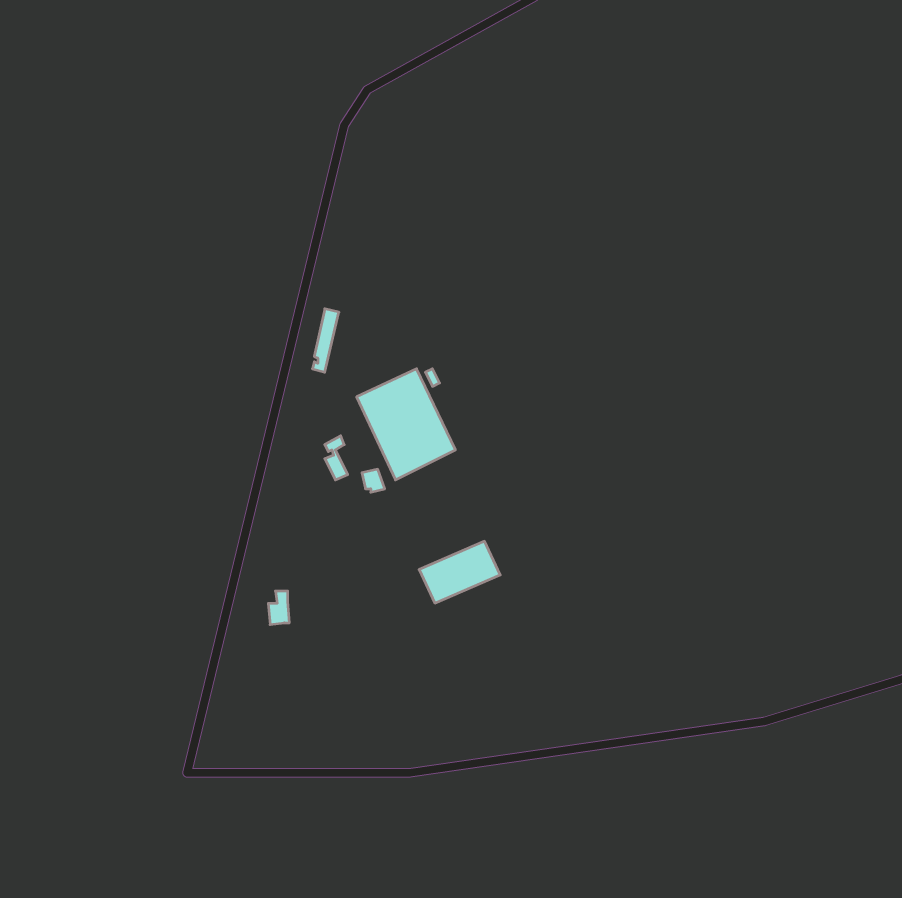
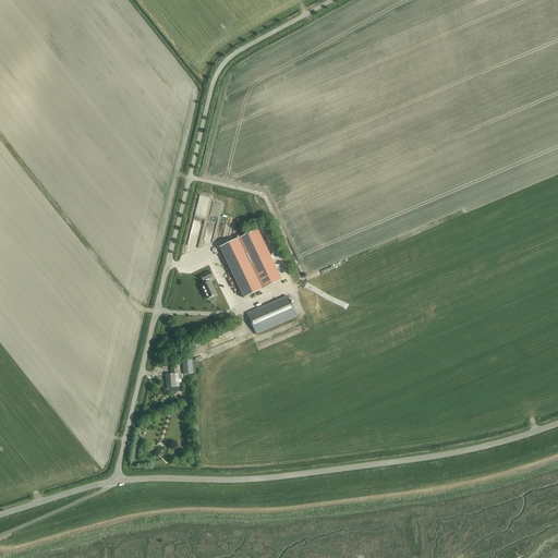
building: [419,541,500,603] -> [246,294,296,332]

